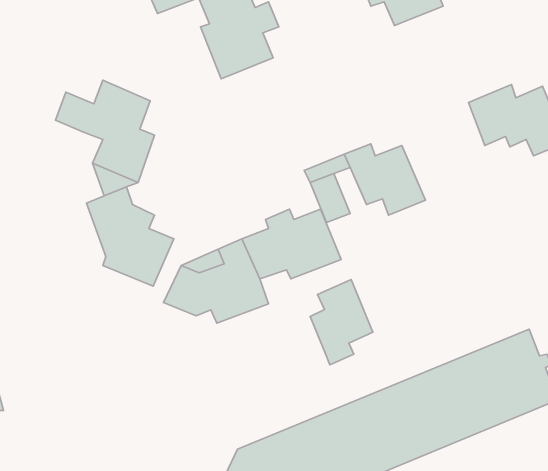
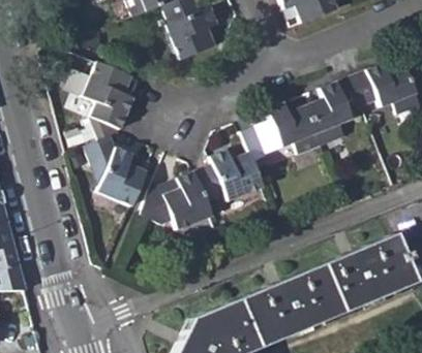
building: none -> [305,76,363,145]
building: [310,280,373,365] -> none

